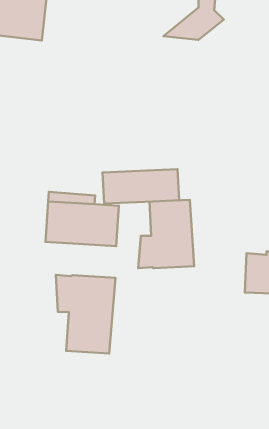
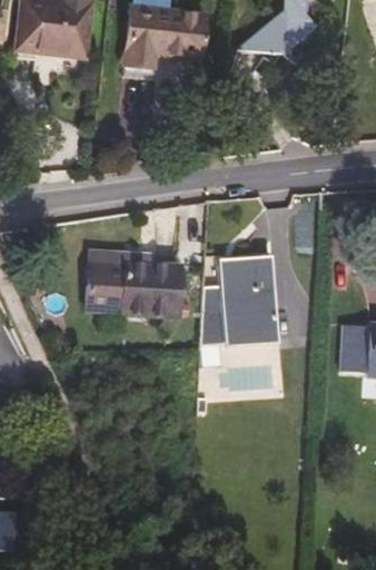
building: none -> [126,9,204,66]
building: [103,169,179,203] -> none
building: [56,275,115,354] -> none

